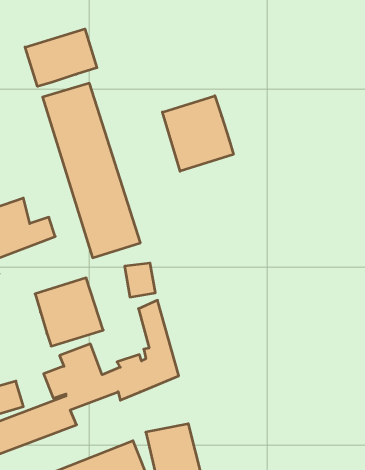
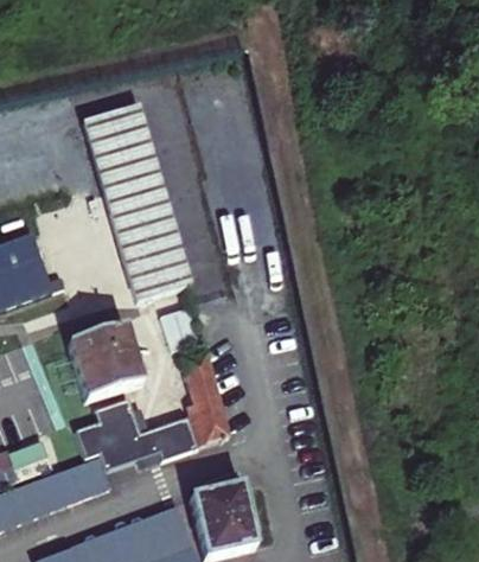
building: [25,29,97,86] -> none
building: [162,96,233,171] -> none

